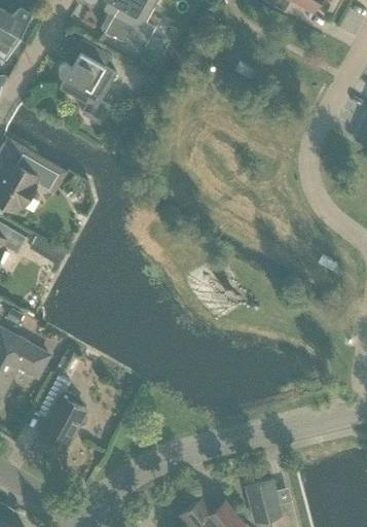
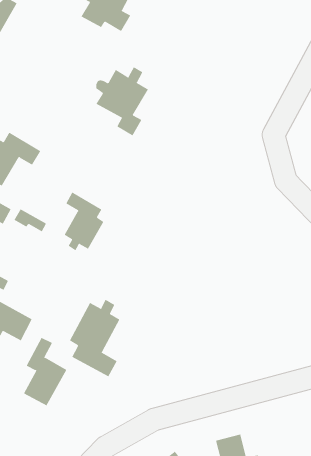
building: [59,47,116,122] -> [95,66,149,136]
building: none -> [64,192,104,251]
building: none -> [69,299,120,377]

